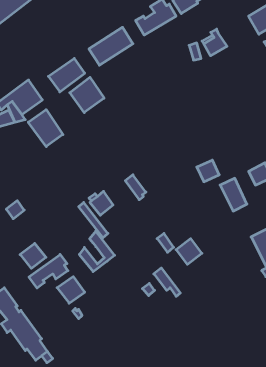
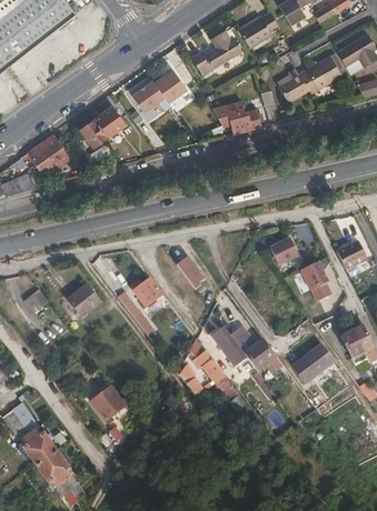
building: none -> [298,54,343,94]
building: none -> [212,101,262,133]
building: [70,77,104,113] -> none
building: [28,110,63,147] -> none
building: [79,231,115,272] -> [179,344,225,397]
building: [20,243,46,268] -> [67,284,100,317]
building: none -> [291,344,335,383]
building: [29,254,68,288] -> none

